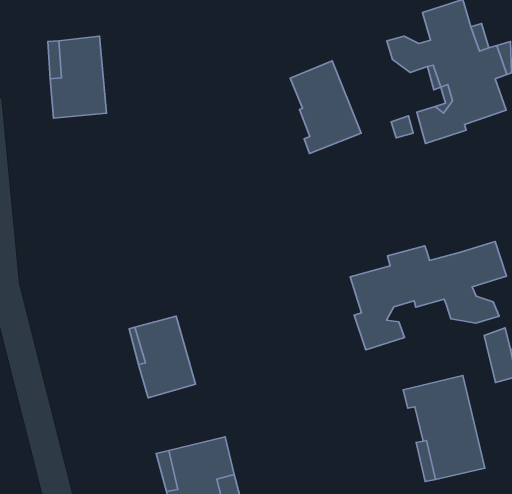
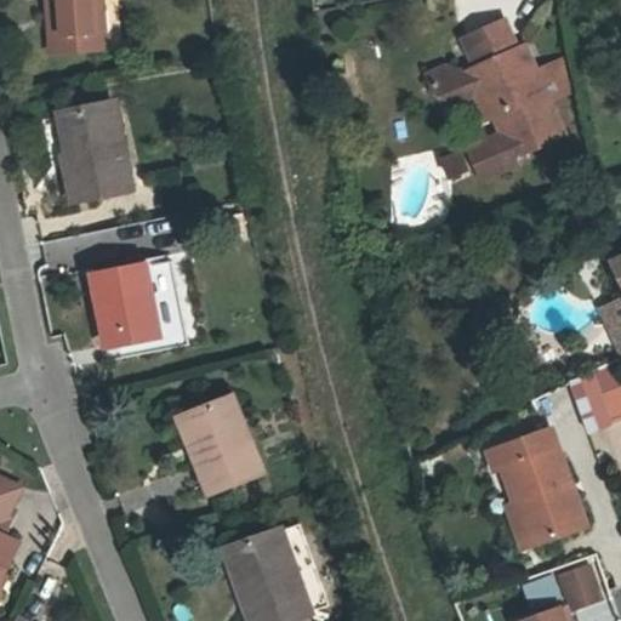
building: [290,61,361,153] -> none
building: none -> [92,260,188,357]
building: [350,241,507,350] -> none

